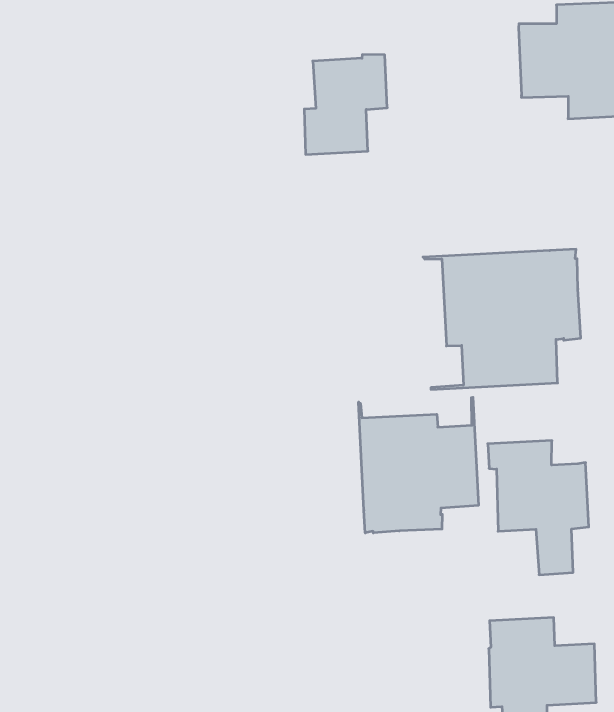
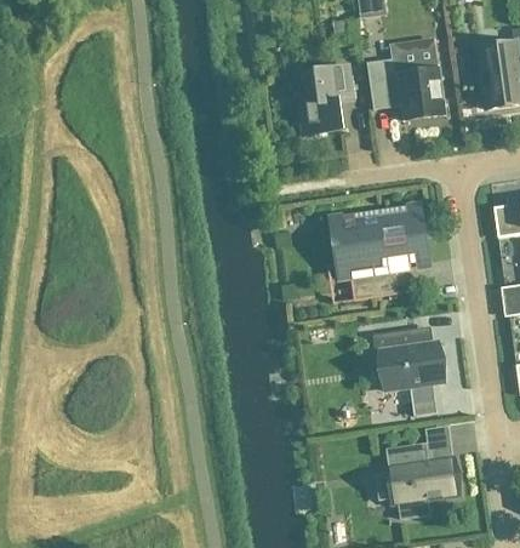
building: [304,55,387,154] -> [299,65,353,135]
building: [359,397,478,533] -> none

